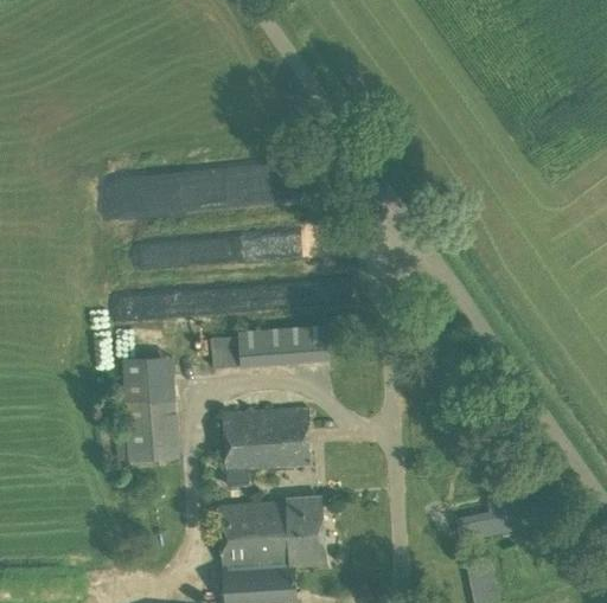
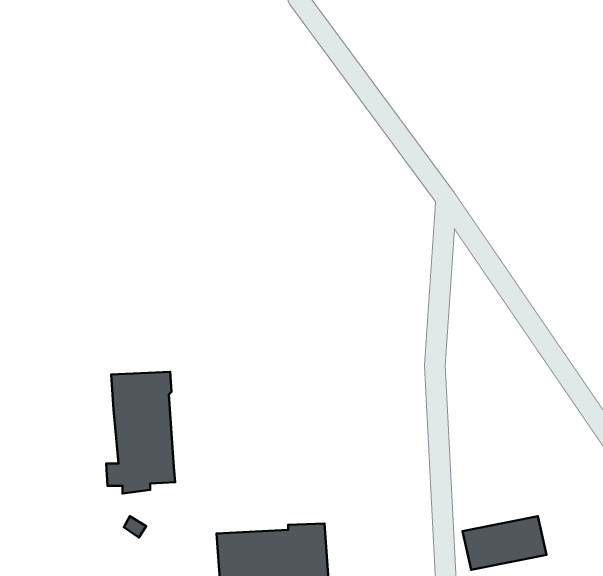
building: [210,327,328,368] -> none
building: [223,410,313,474] -> none

